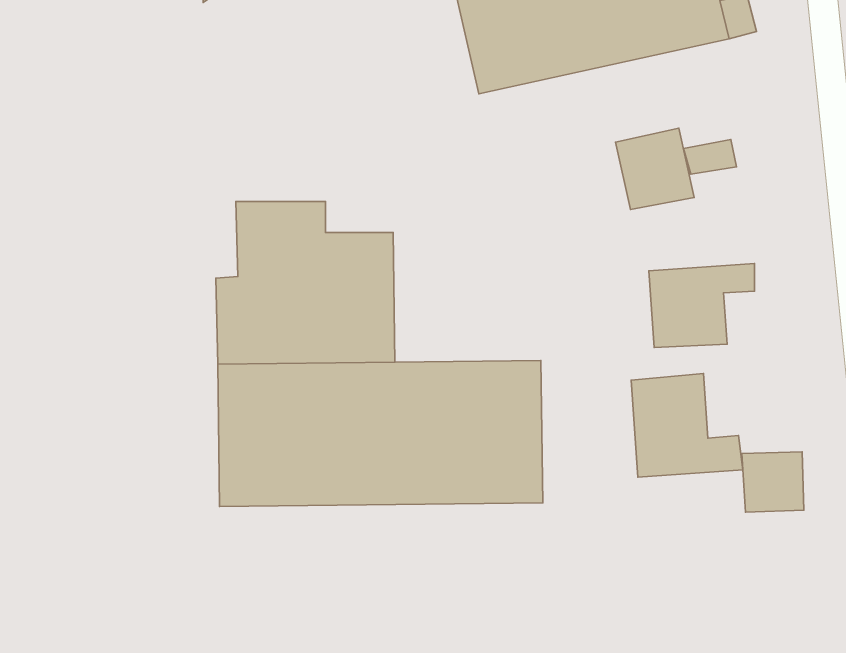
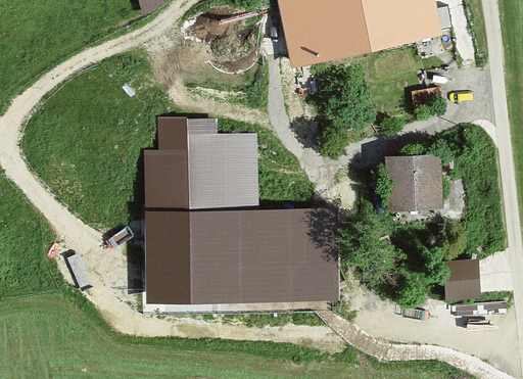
building: [615,128,694,210] -> none
building: [631,373,743,477] -> none

